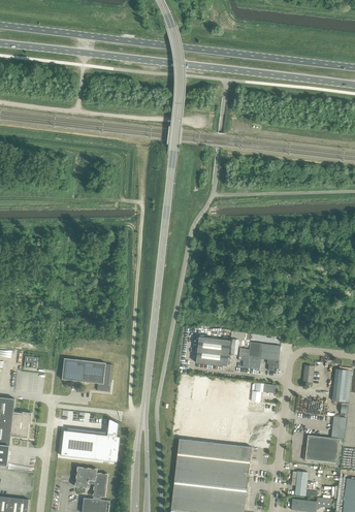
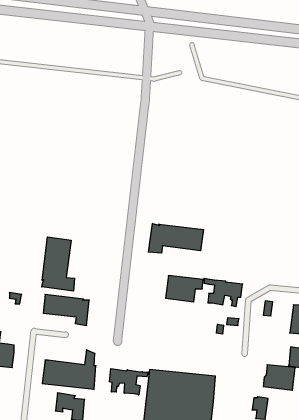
building: none -> [148,224,204,253]
building: none -> [42,237,74,291]
building: none -> [109,369,148,395]

